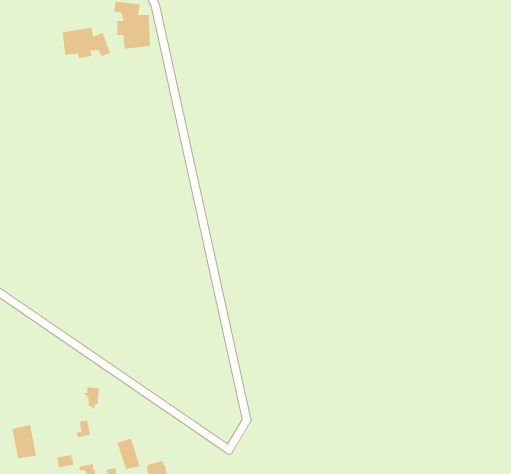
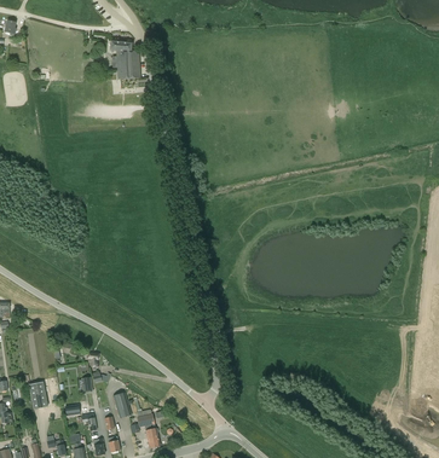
building: [62,27,111,59] -> none

